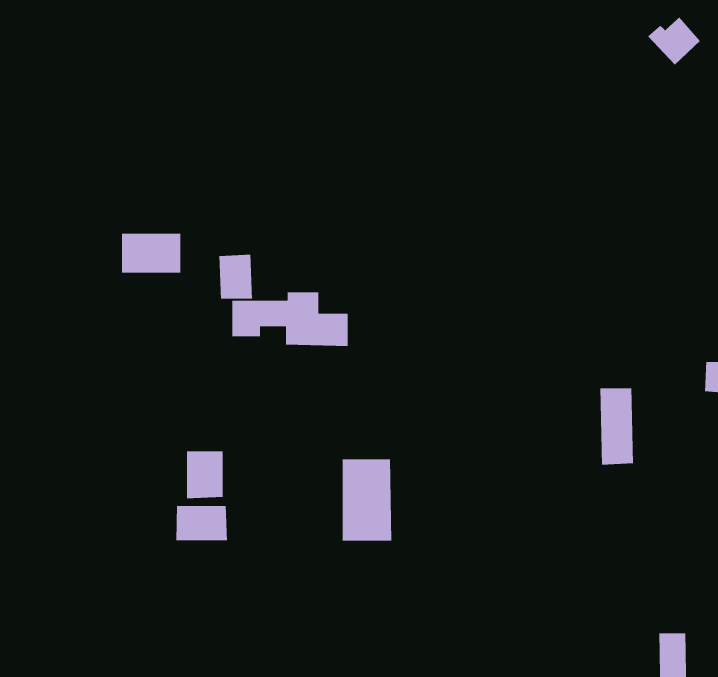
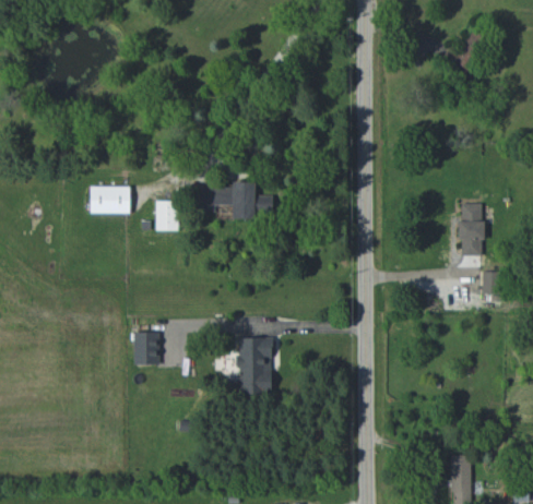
building: [232,292,349,347] -> [196,182,274,219]
building: [600,388,634,466] -> [460,204,483,256]
building: [175,505,228,541] -> none

